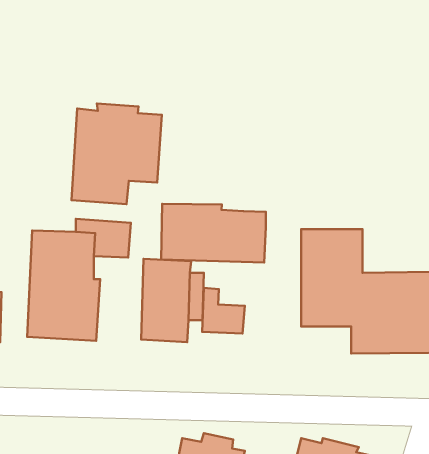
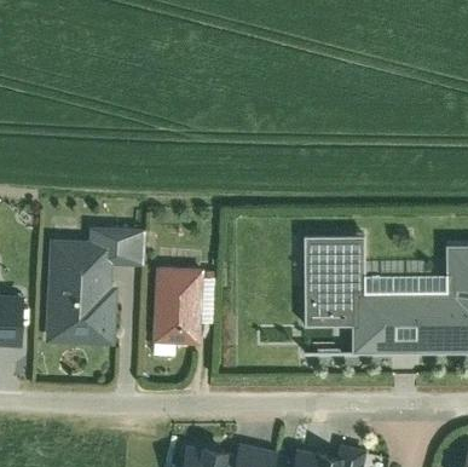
building: [72,104,162,204] -> none
building: [161,204,266,262] -> none
building: [202,288,245,333] -> none

